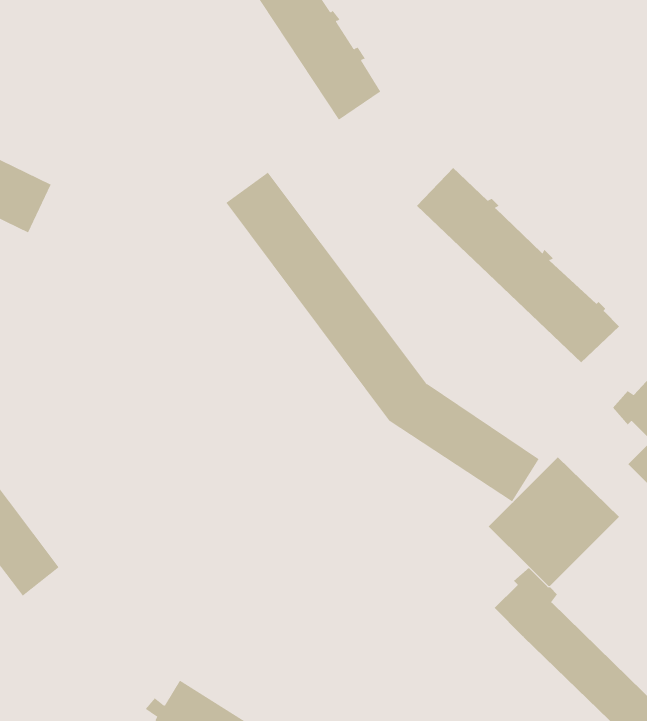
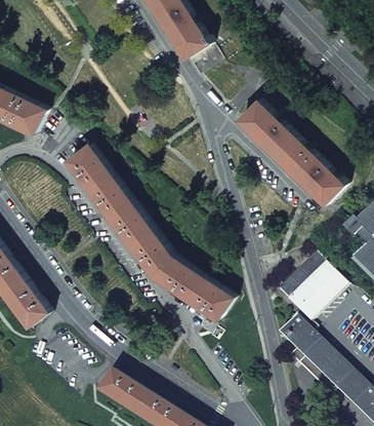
building: [225,172,540,502] -> [67,144,233,318]

